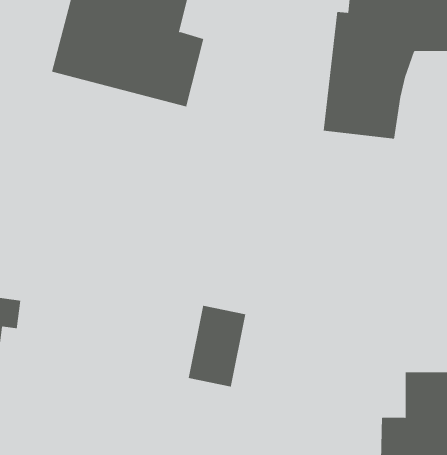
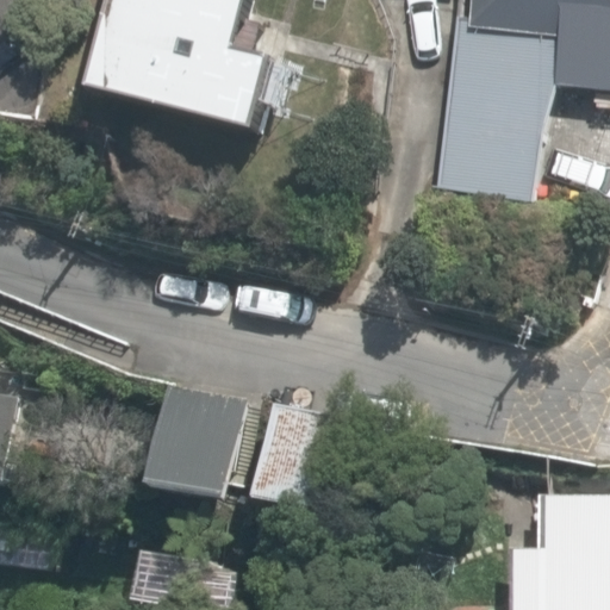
building: none -> [154,387,253,505]

